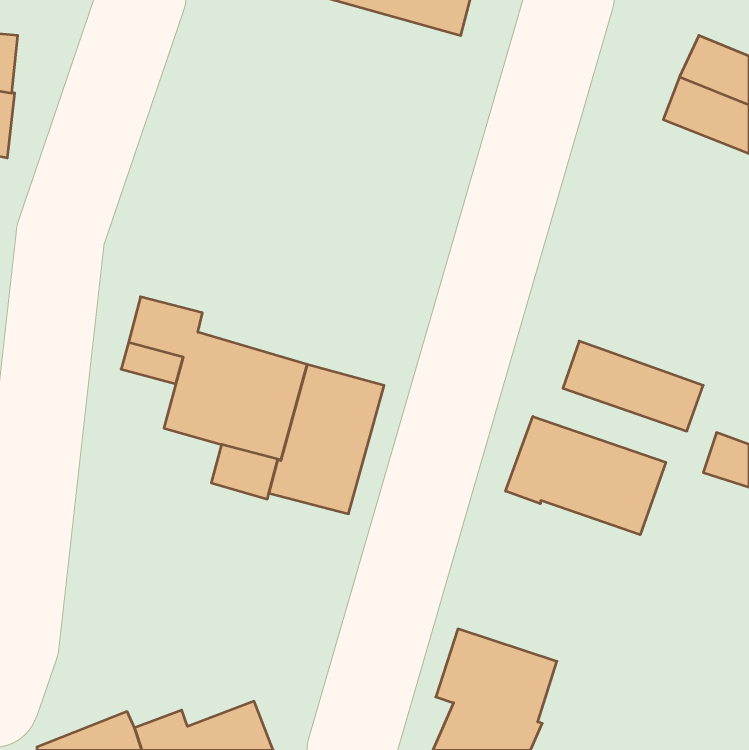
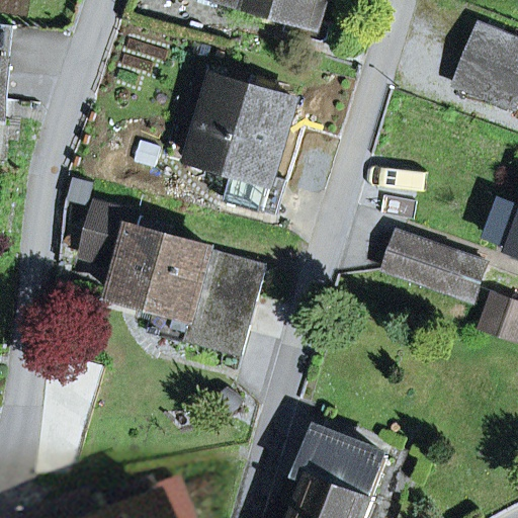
building: none -> [190,72,293,213]
building: [506,416,666,535] -> none

